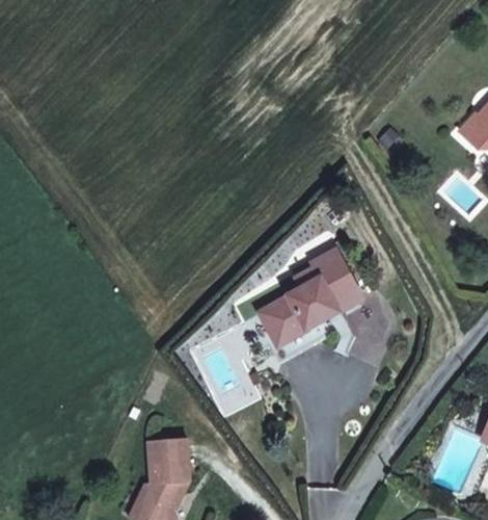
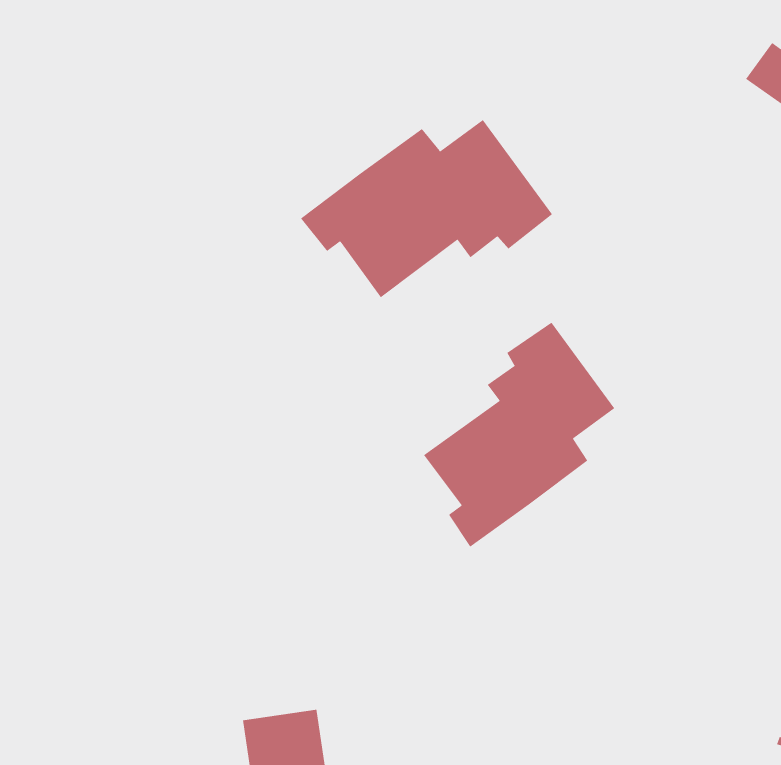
building: none -> [300,119,553,298]

